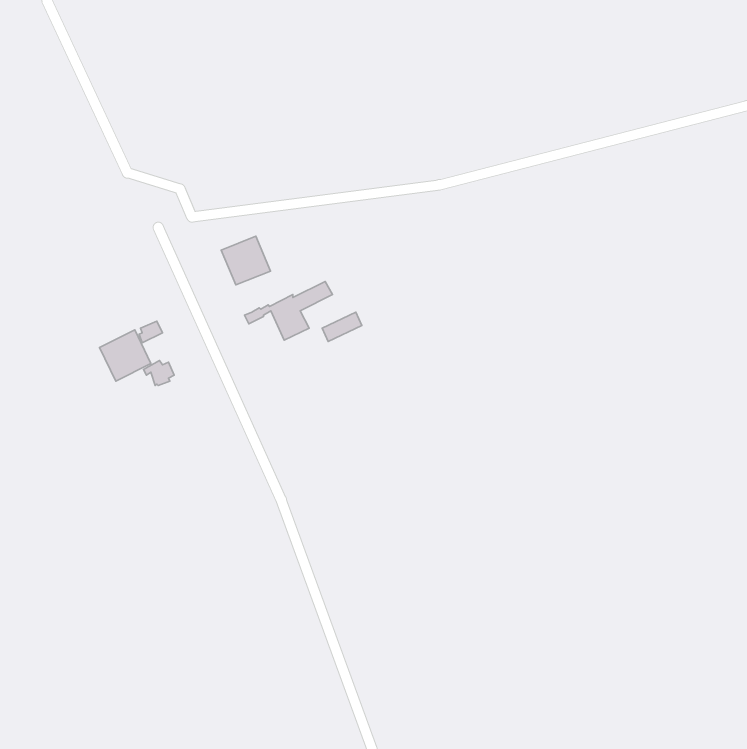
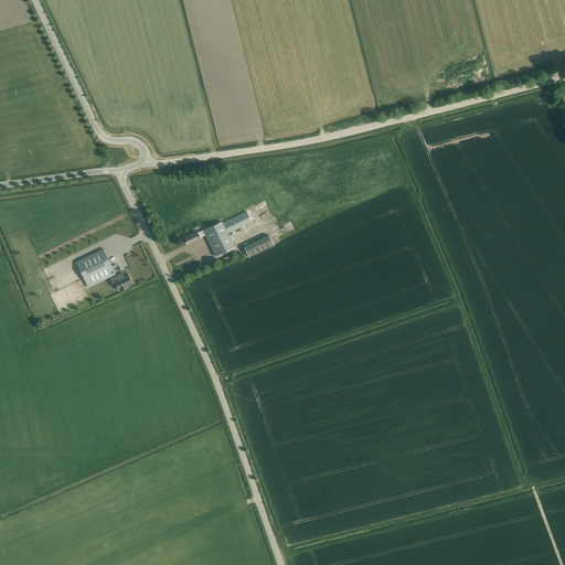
building: [221,236,270,285] -> none

